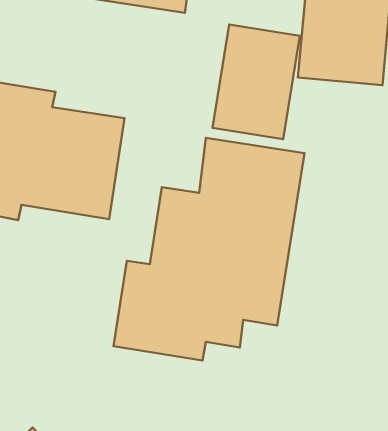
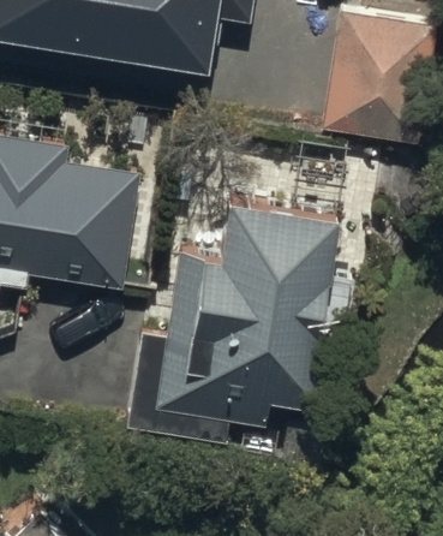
building: [213,24,300,139] -> none

